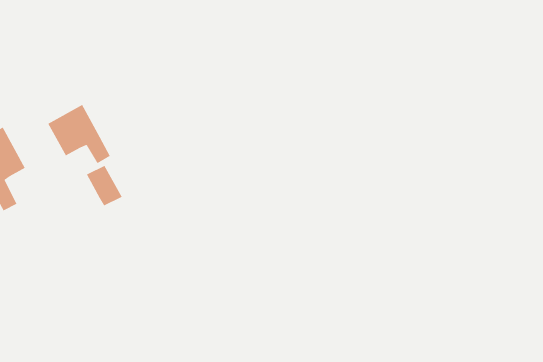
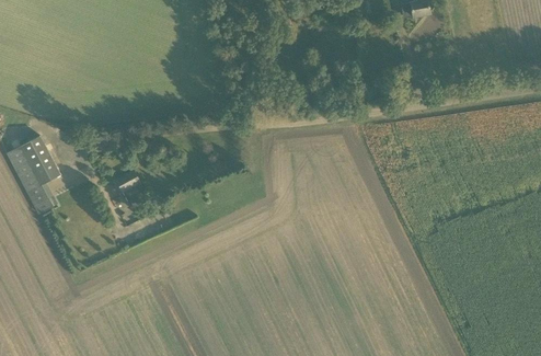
building: [47,104,111,164] -> none

